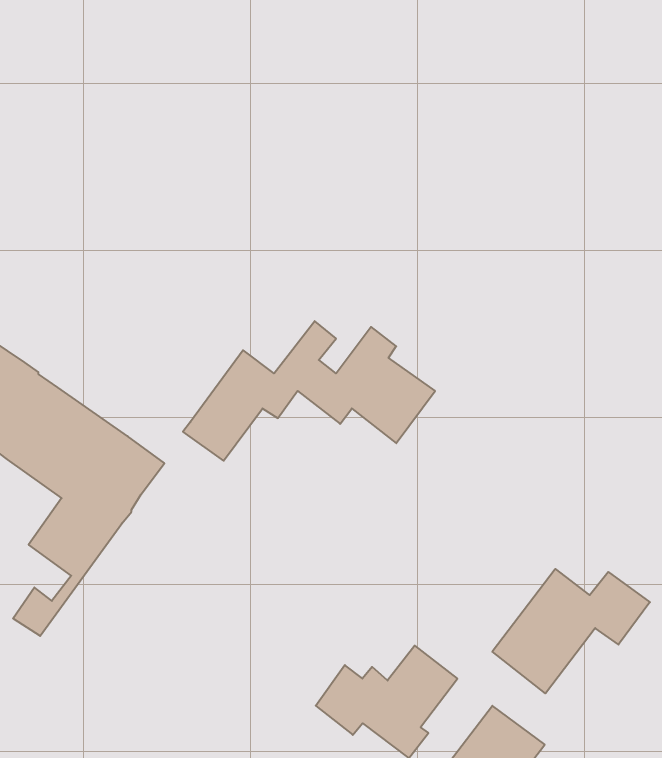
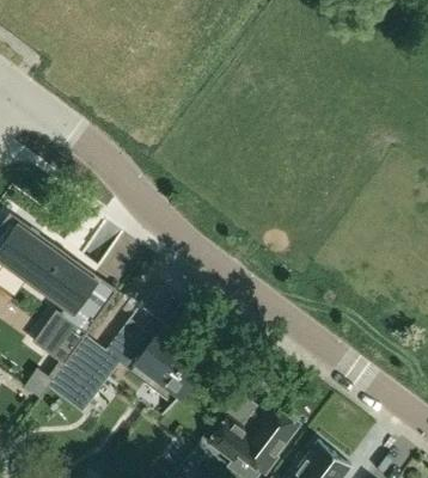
building: [183,321,435,461] -> [49,319,204,405]
building: [492,569,650,693] -> none

